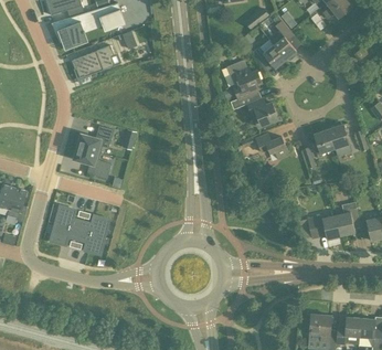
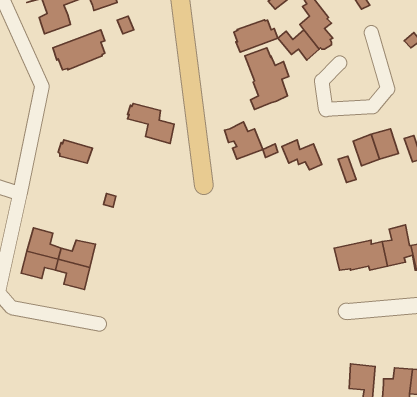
building: none -> [234,20,278,52]
building: [247,97,278,127] -> [224,122,263,159]
building: [73,147,110,179] -> [128,104,174,143]

